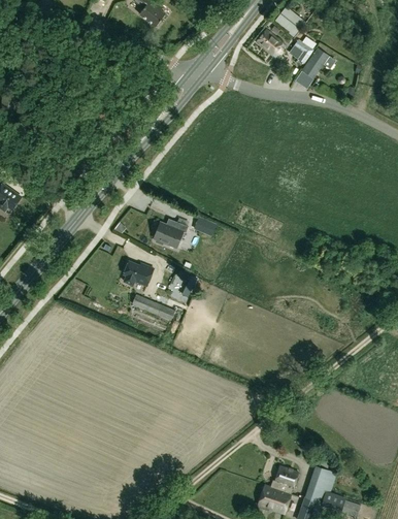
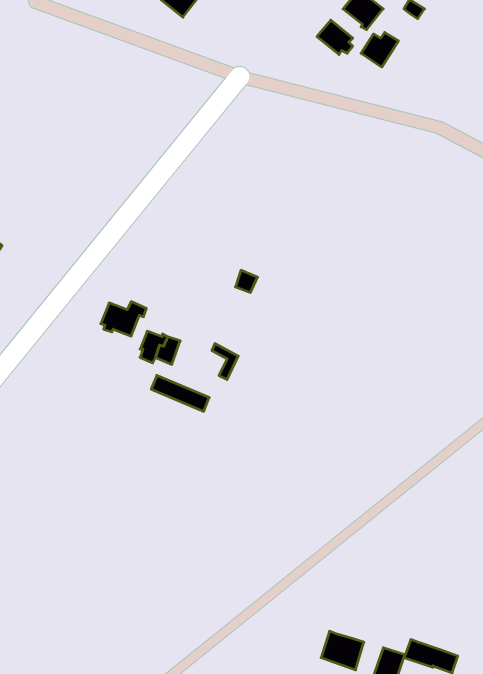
building: [301,48,335,78] -> none
building: [153,222,187,248] -> [101,302,146,336]
building: [304,465,337,502] -> none
building: [269,466,297,493] -> none

